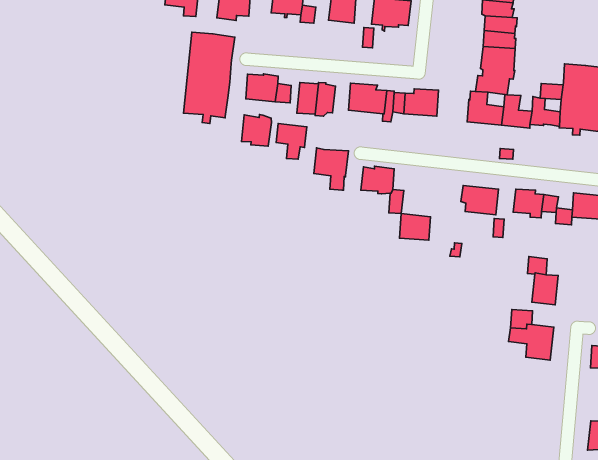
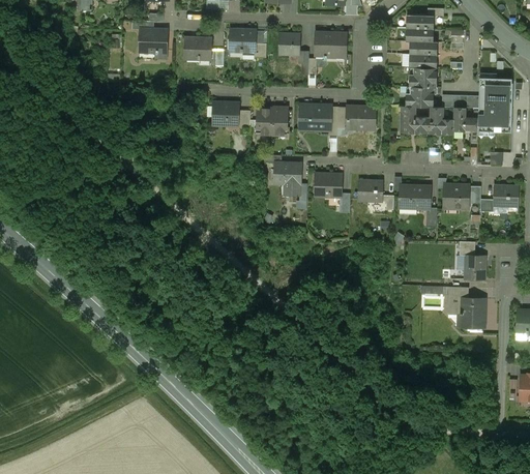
building: [183,32,235,124] -> none
building: [241,115,272,146] -> none
building: [276,123,307,159] -> none
building: [399,214,430,240] -> [357,179,382,200]

